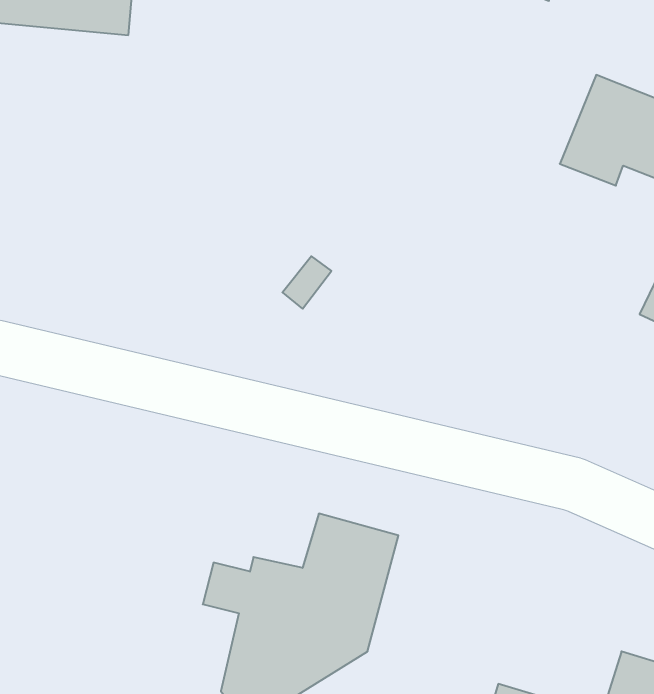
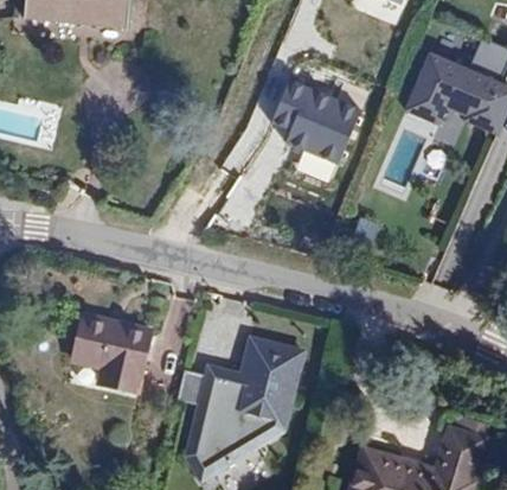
building: none -> [272,78,360,163]
building: none -> [70,312,152,392]

